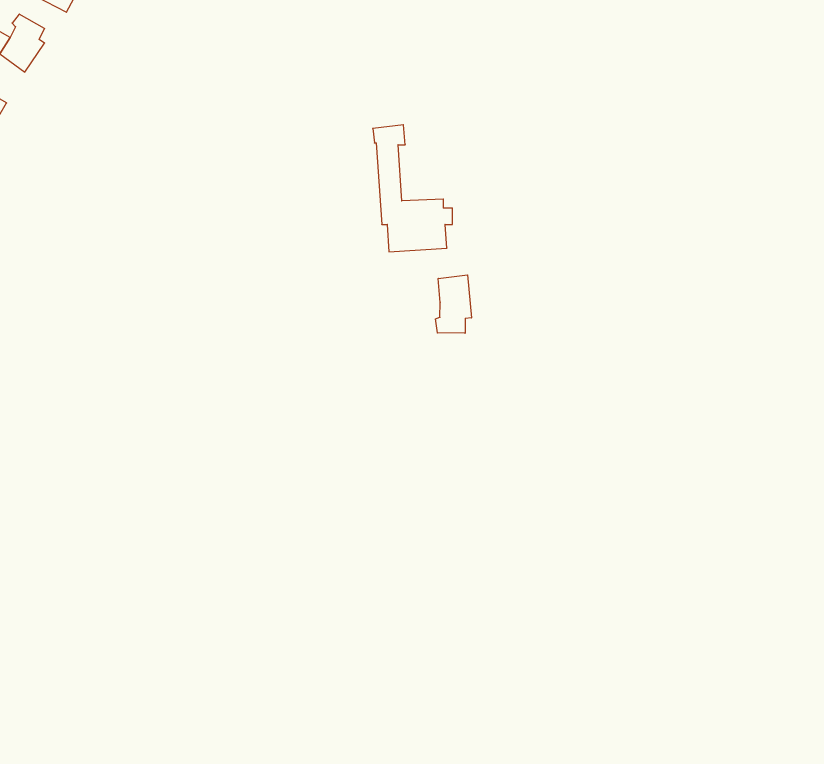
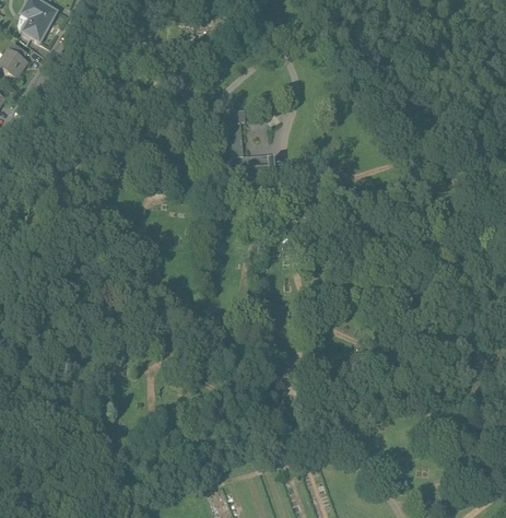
building: [435,275,471,333] -> none

